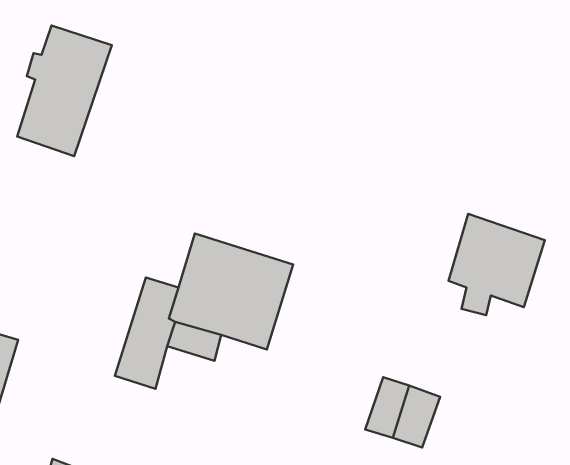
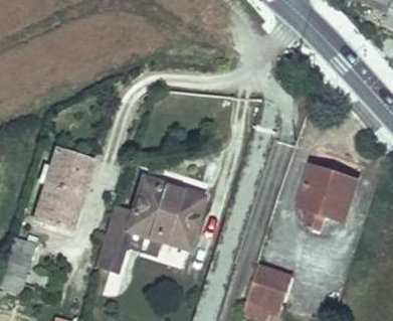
building: [17,25,112,156] -> [34,149,92,229]

